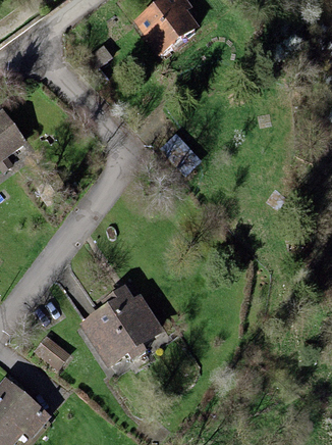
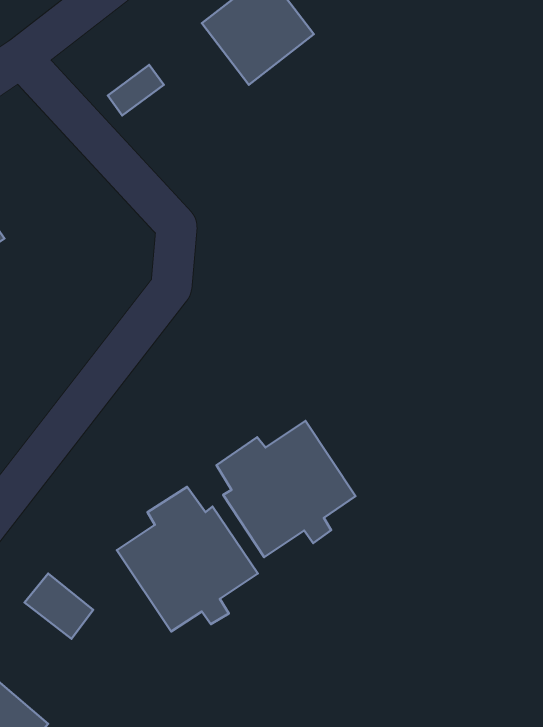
building: none -> [216,421,355,557]

